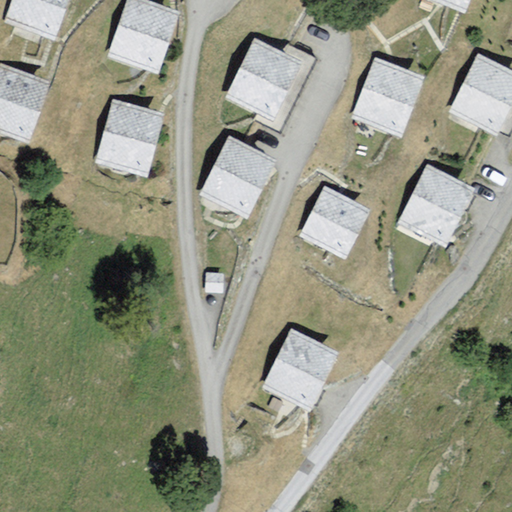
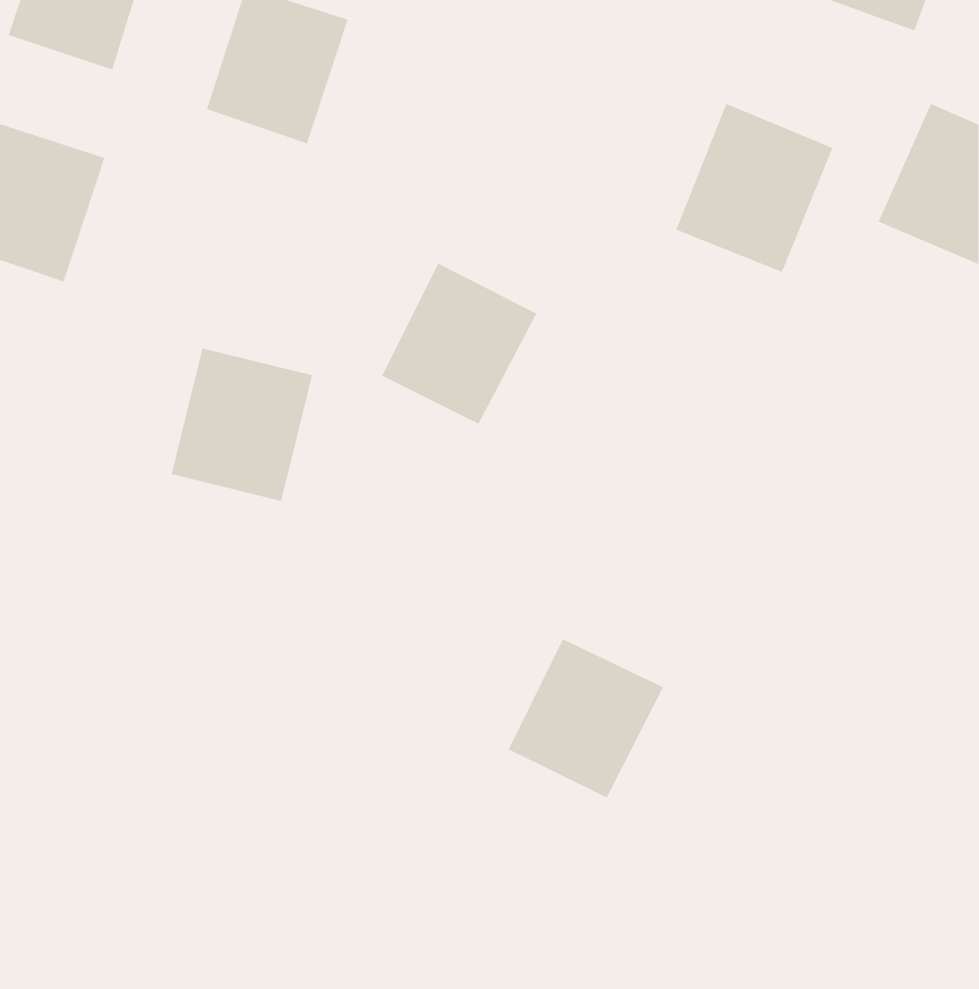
building: [224,37,304,121] -> none
building: [91,97,164,176] -> [171,348,313,502]
building: [396,161,478,246] -> none
building: [301,184,374,260] -> none

